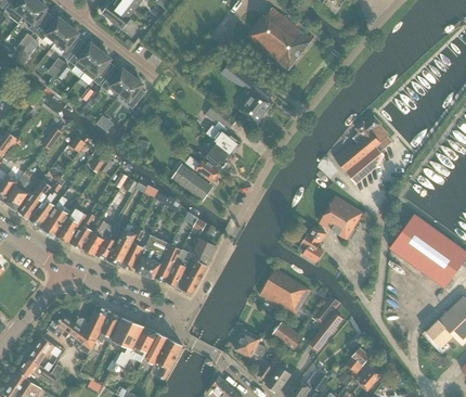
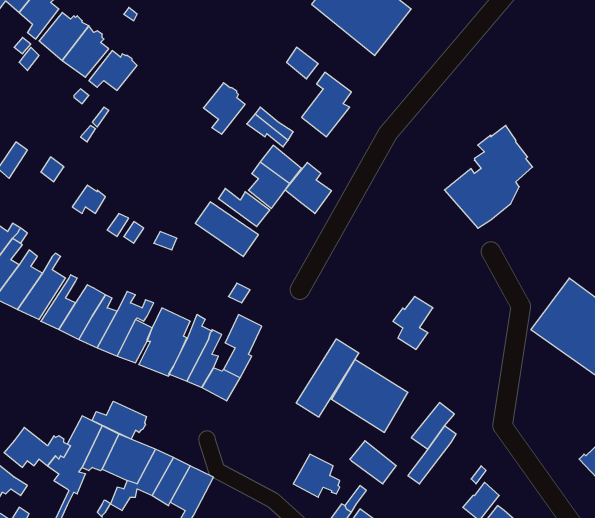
building: [120,76,147,110] -> [203,83,245,134]
building: none -> [285,162,331,214]
building: [320,196,363,241] -> none
building: none -> [296,339,359,417]
building: none -> [92,401,147,439]

